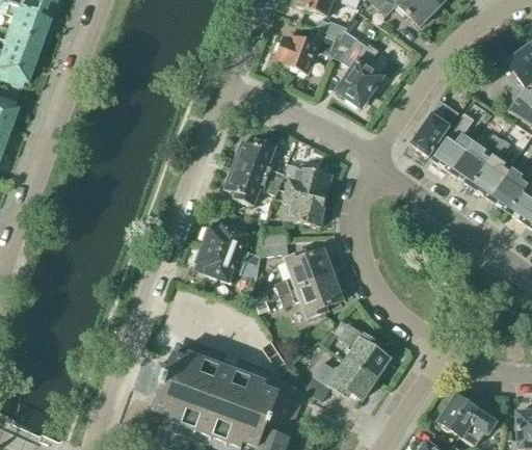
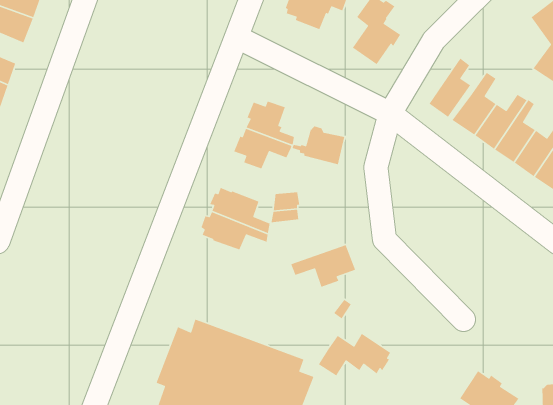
building: [285,192,325,227] -> none
building: [274,249,331,294] -> none
building: [339,323,388,378] -> none

